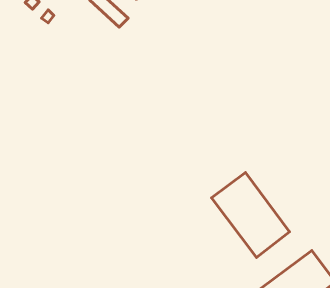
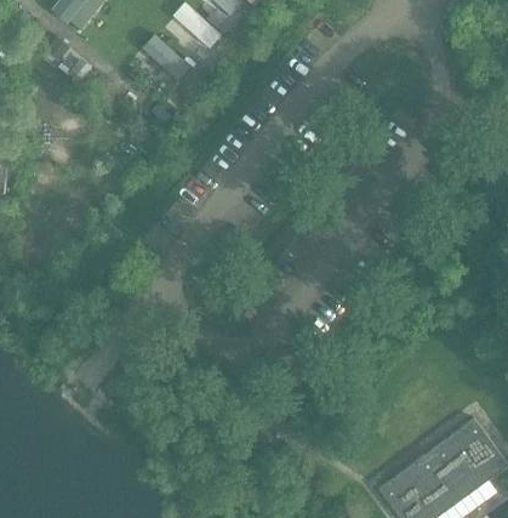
building: [211,173,290,257] -> none

